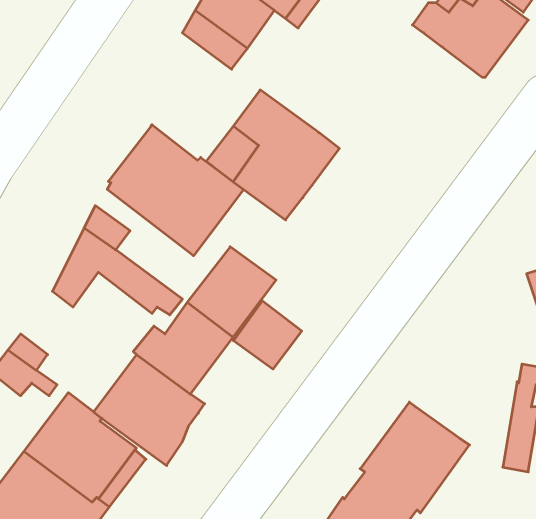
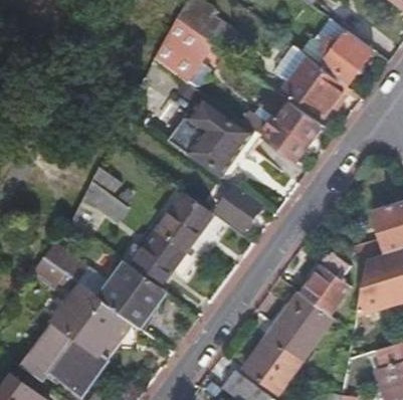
building: none -> [283,57,345,118]
building: none -> [240,87,322,161]
building: [107,125,243,256] -> none
building: [233,301,302,369] -> [219,187,262,230]
building: none -> [301,253,351,315]

